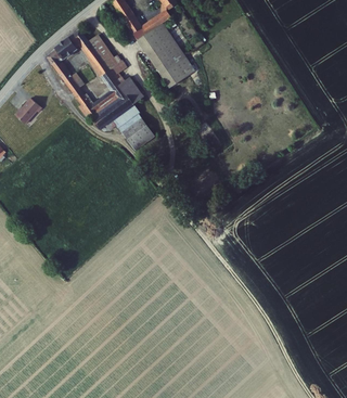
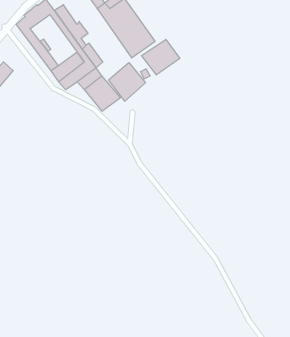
building: none -> [141,39,180,75]
building: none -> [109,63,145,101]

